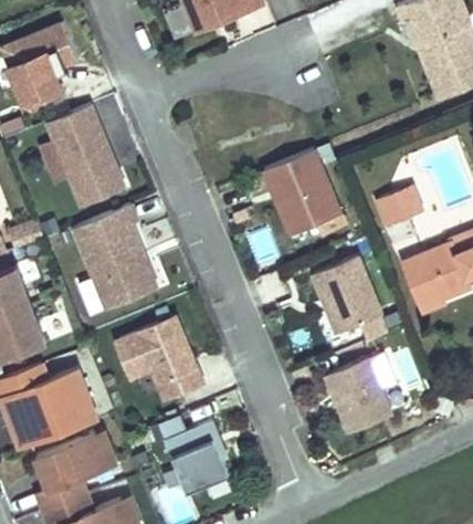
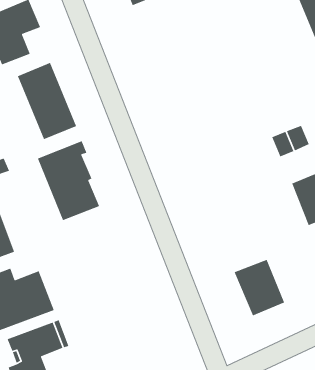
building: [264,148,340,234] -> none
building: [309,254,388,339] -> none
building: [115,315,206,400] -> none
building: [151,415,229,490] -> none

